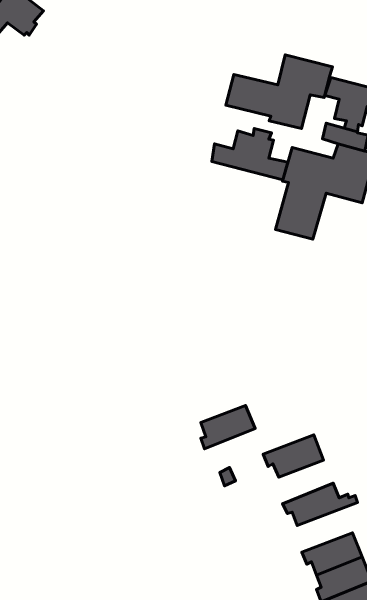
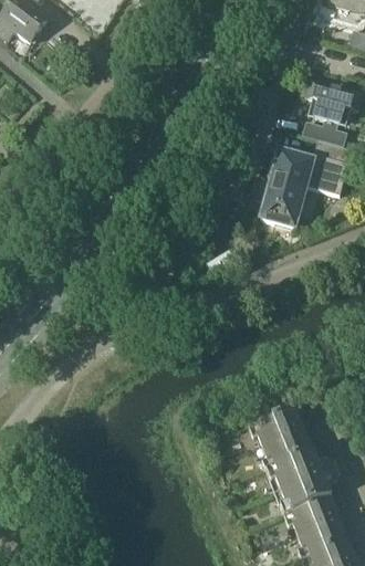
building: [226,55,332,129] -> none
building: [212,128,288,180] -> none
building: [201,405,255,449] -> [264,430,314,470]
building: none -> [281,469,340,514]

